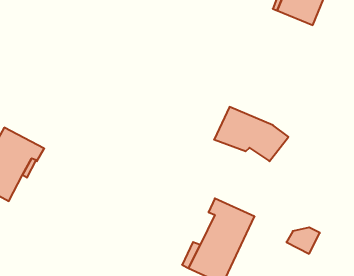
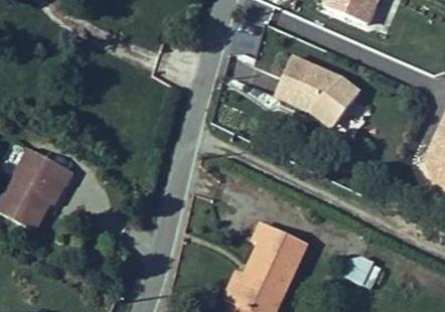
building: [214,107,288,161] -> [276,64,358,125]

